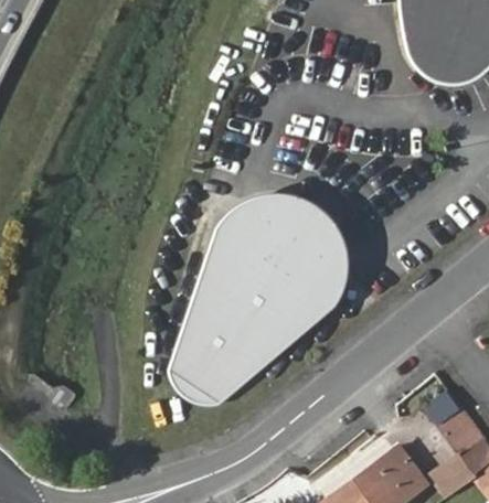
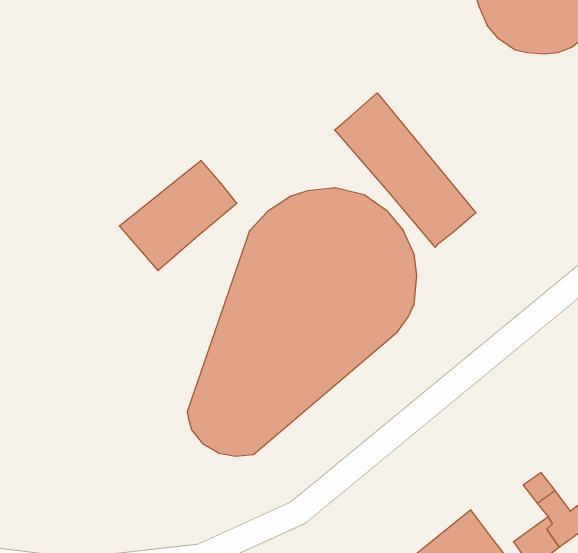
building: none -> [335,93,476,247]
building: none -> [119,160,237,271]

